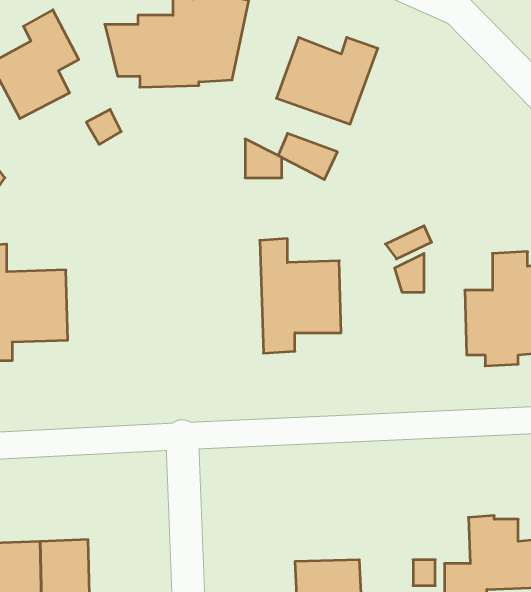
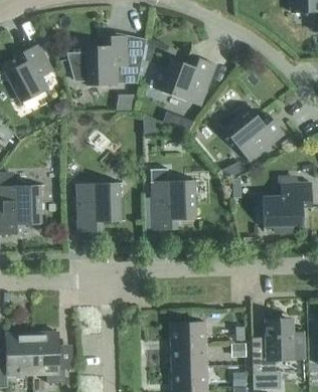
building: none -> [219,103,284,161]
building: none -> [77,182,121,232]
building: none -> [171,321,206,344]

